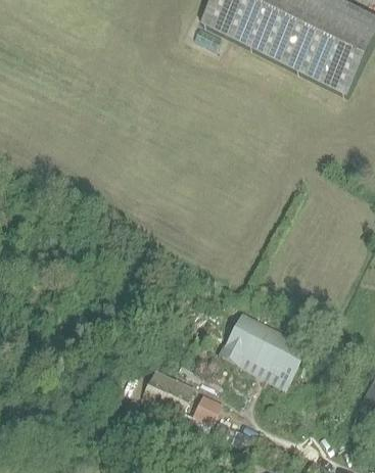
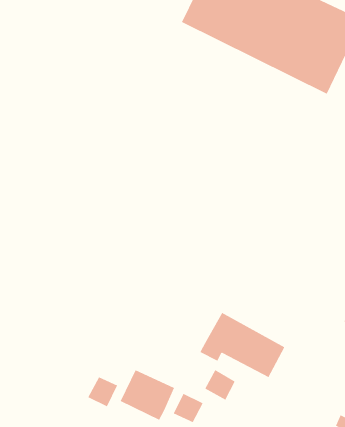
building: none -> [204,369,235,400]
building: none -> [88,377,118,407]

